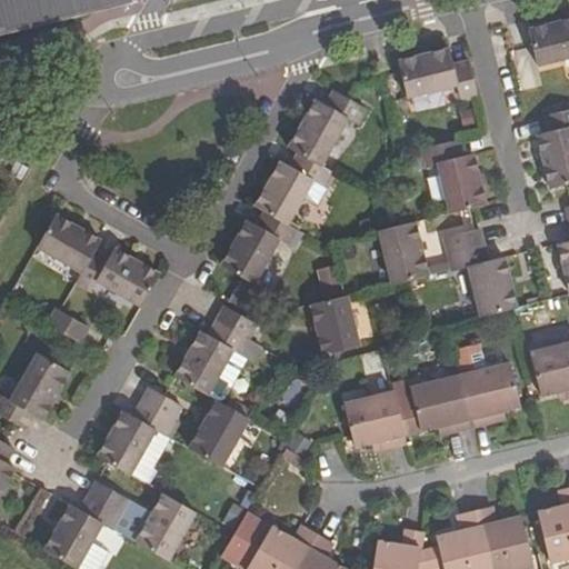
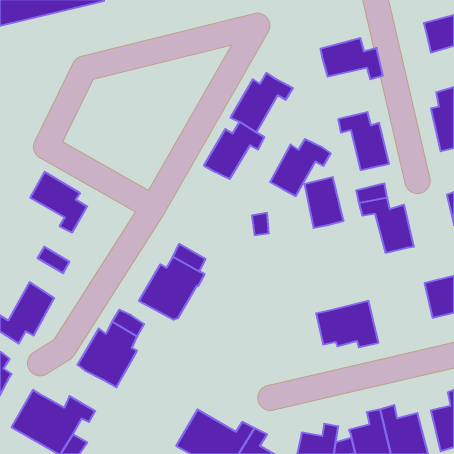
building: [221,212,297,283] -> [270,139,331,196]
building: [96,248,158,306] -> none
building: [310,296,359,360] -> none
building: [455,347,520,428] -> none
building: [345,391,407,449] -> none
building: [189,399,248,466] -> none
building: [87,480,196,560] -> none

